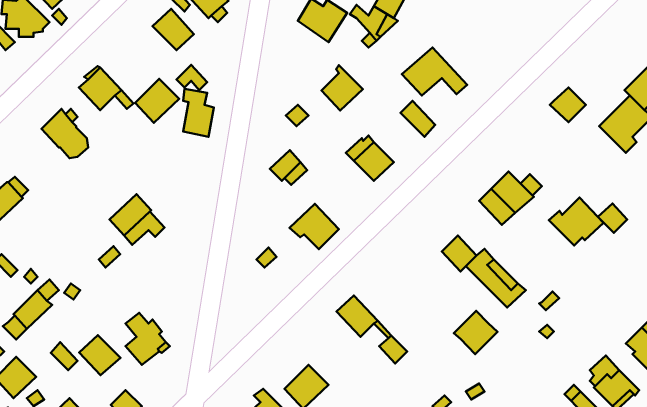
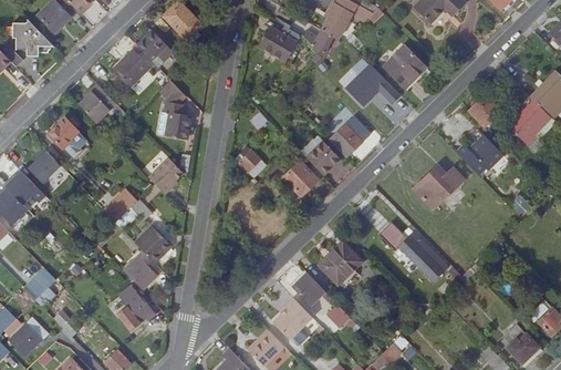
building: none -> [381,43,426,88]
building: [321,65,363,110] -> [330,120,364,157]
building: [135,79,179,123] -> [113,51,149,88]
building: none -> [28,150,60,181]
building: none -> [147,157,181,193]
building: [549,197,603,245] -> [457,135,502,175]
building: [289,204,339,249] -> [277,158,318,196]
building: none -> [135,223,173,263]
building: none -> [319,241,363,285]
building: [454,311,497,354] -> none
building: none -> [272,298,312,339]
building: [79,335,121,375] -> [123,257,157,290]

